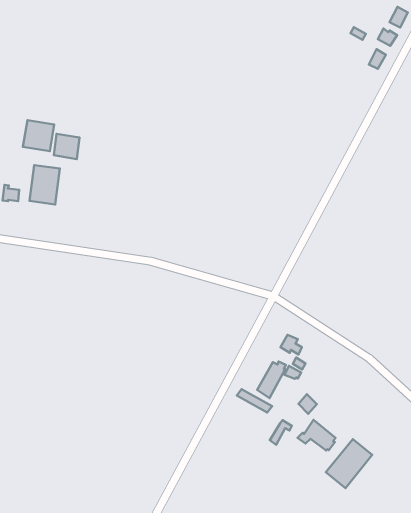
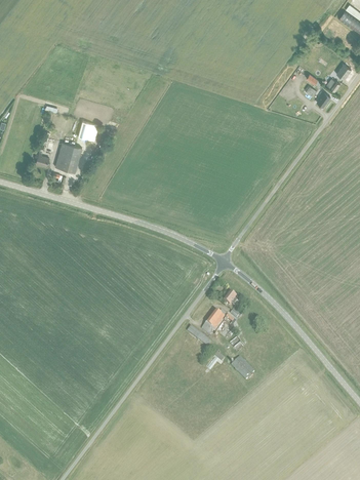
building: [23,120,54,151] -> none
building: [326,439,372,488] -> none

